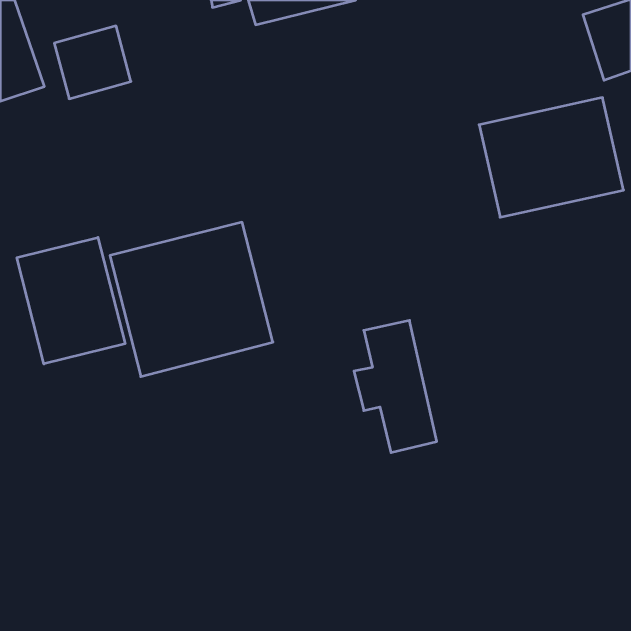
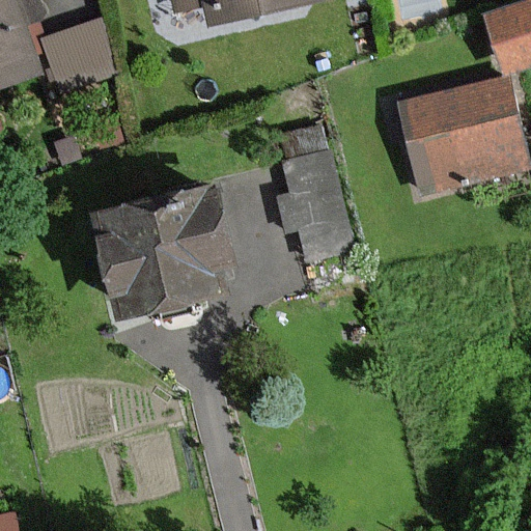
building: [17,237,125,364] -> none
building: [354,320,437,453] -> [281,155,351,266]

